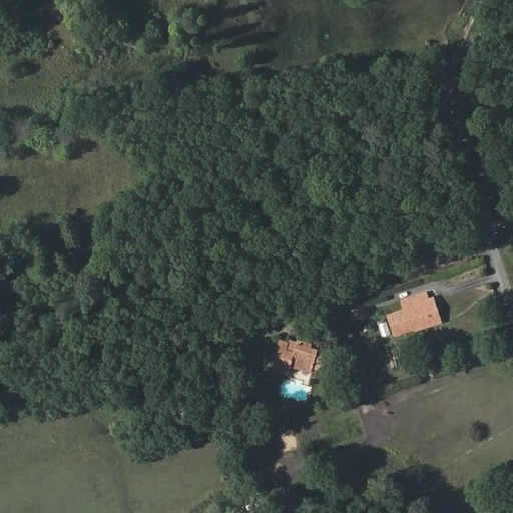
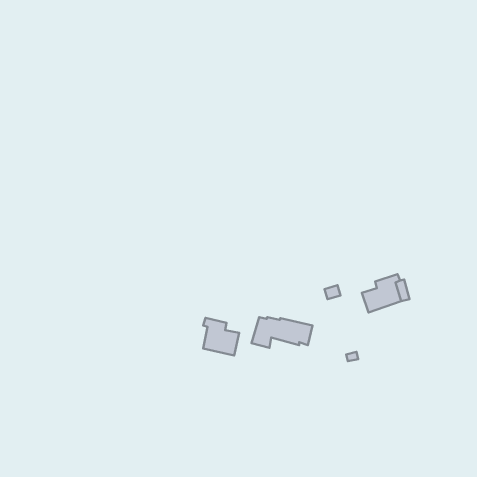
building: none -> [203,318,239,356]

